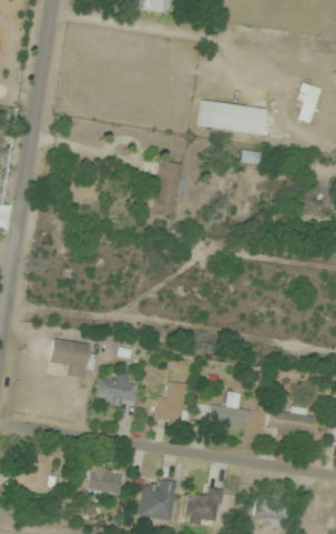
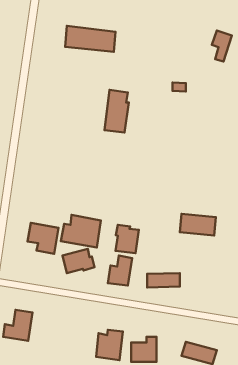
building: [198,101,265,135] -> [65,26,116,52]
building: none -> [61,215,101,248]
building: none -> [116,225,139,253]
building: [268,409,316,437] -> [180,214,216,235]
building: [77,463,124,498] -> none

